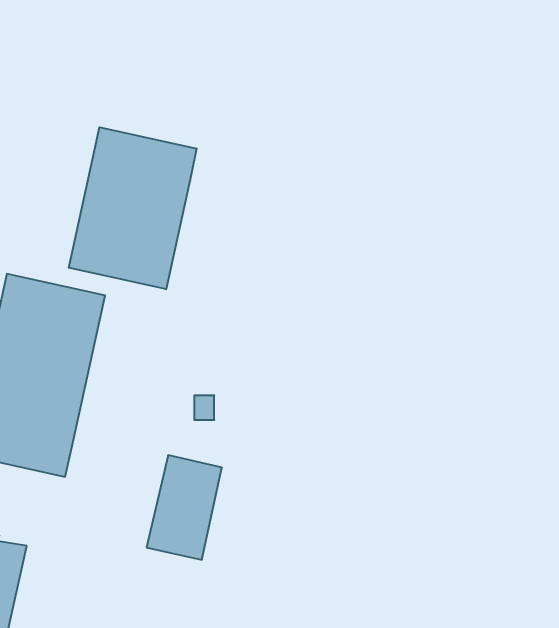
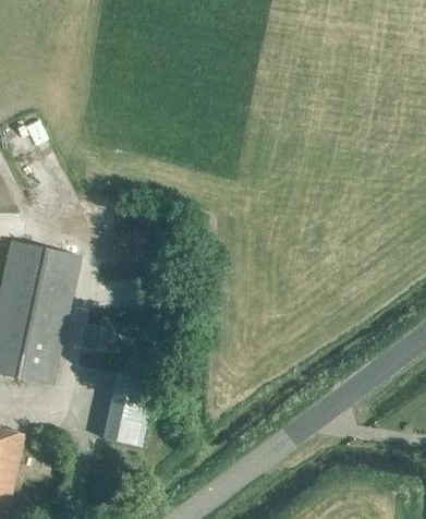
building: [69,127,197,289] -> none

